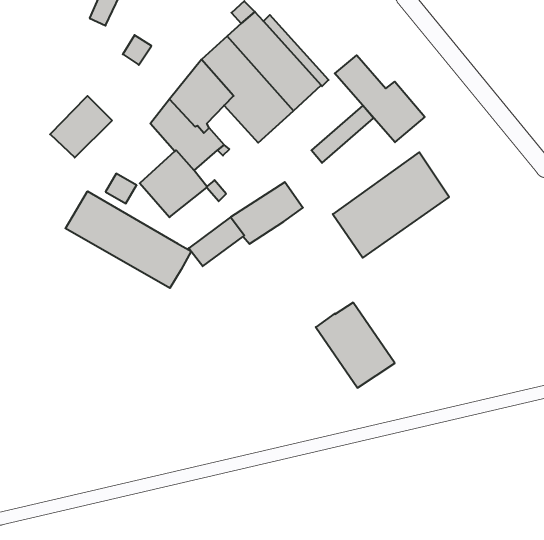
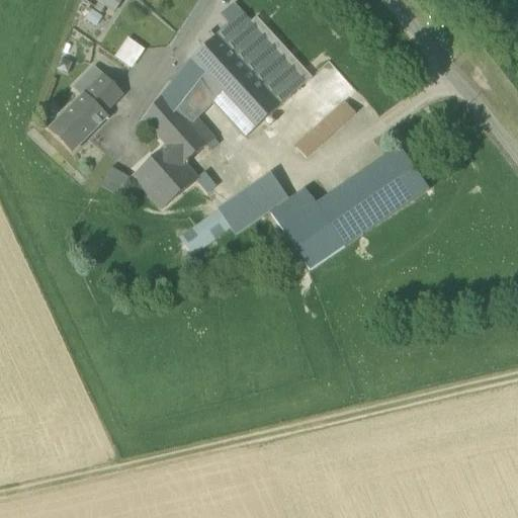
building: [335,55,425,142] -> none
building: none -> [74,64,123,111]
building: [65,191,191,288] -> none
building: [316,303,395,388] -> [270,187,345,268]

